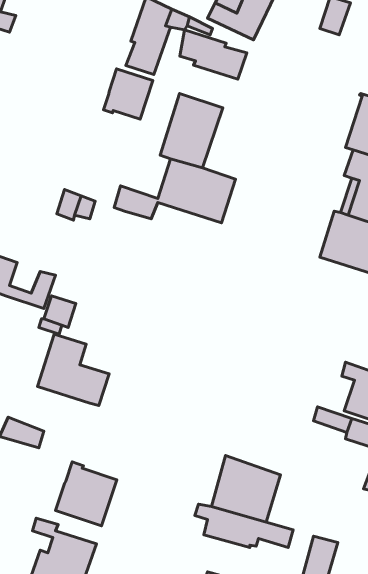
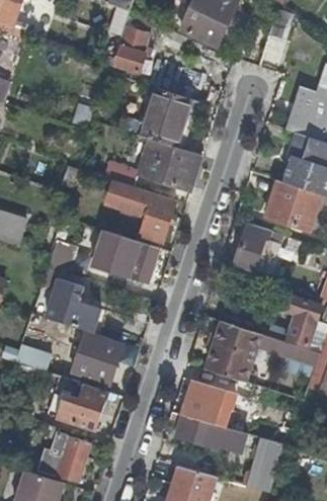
building: [180,30,247,79] -> none
building: [103,69,153,119] -> none
building: none -> [106,181,175,243]
building: none -> [236,224,278,270]
building: none -> [100,235,158,282]
building: none -> [210,318,259,378]
building: none -> [76,333,122,385]

